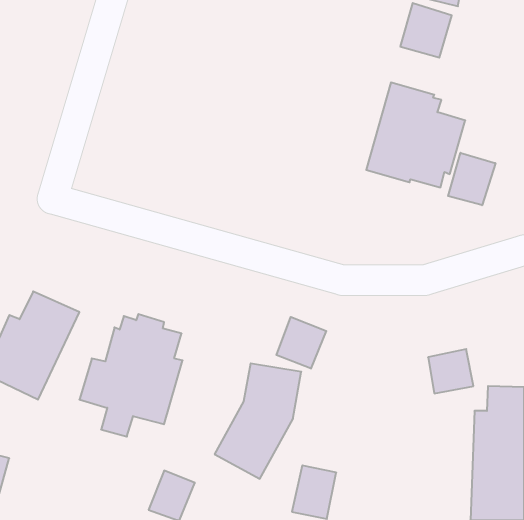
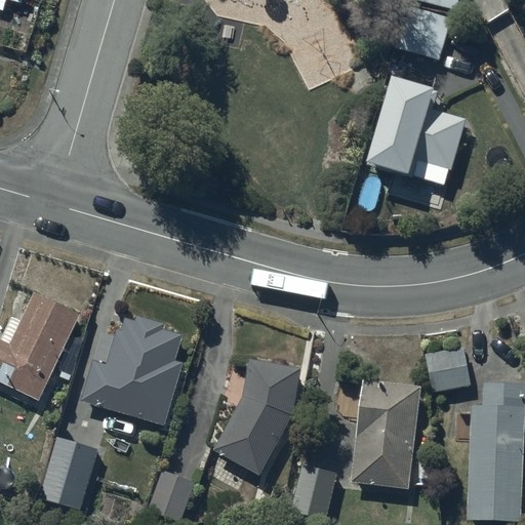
building: [448,153,495,205] -> none
building: [276,317,326,369] -> none
building: none -> [354,381,421,489]
building: none -> [39,438,96,512]

